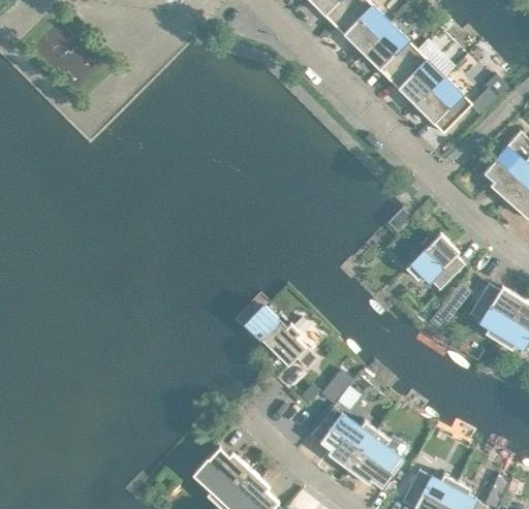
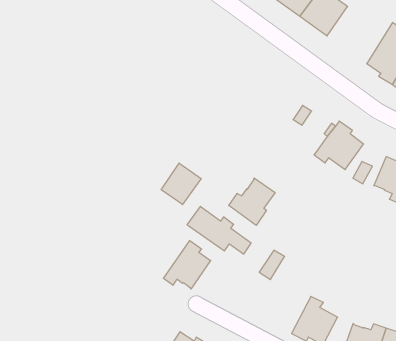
building: none -> [161,163,201,205]
building: none -> [229,178,275,225]
building: none -> [163,241,211,289]
building: [318,413,375,470] -> none

